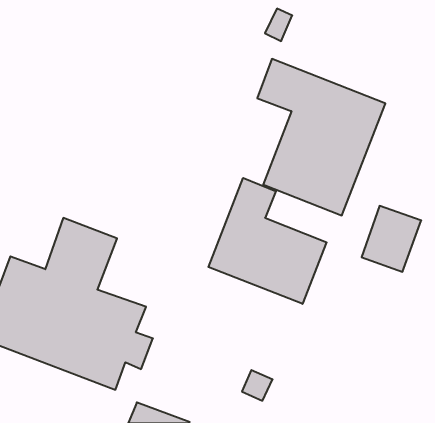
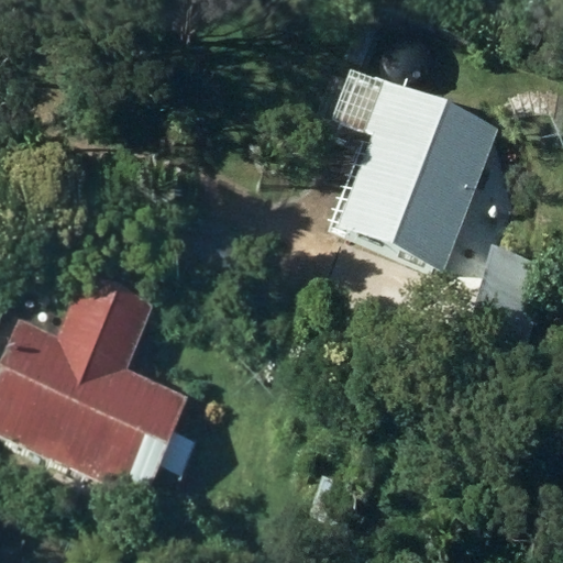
building: [208,178,327,304] -> none

